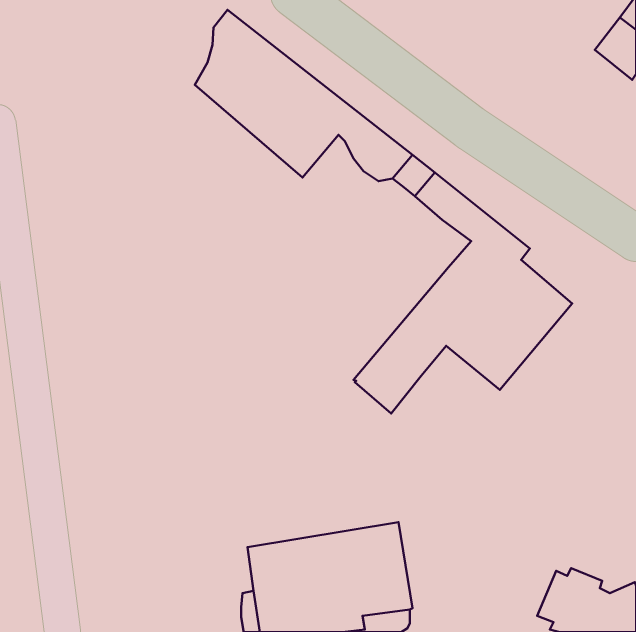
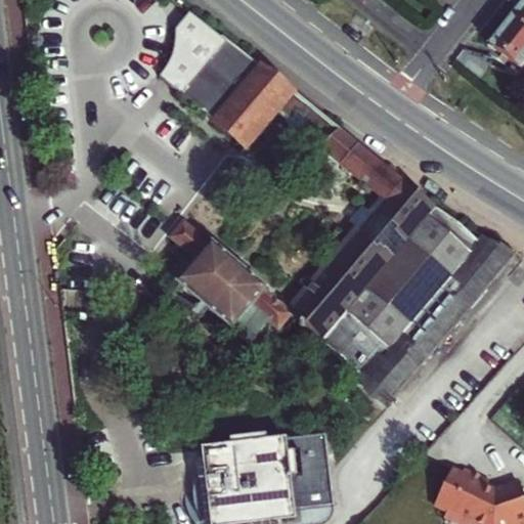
building: none -> [320,204,517,400]
building: none -> [169,220,292,342]

